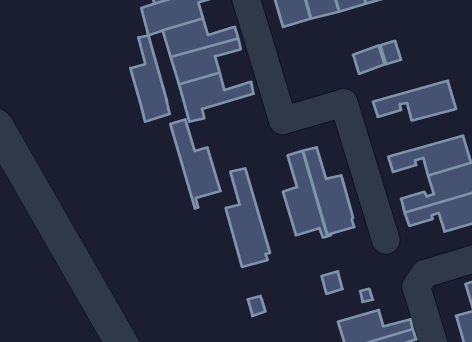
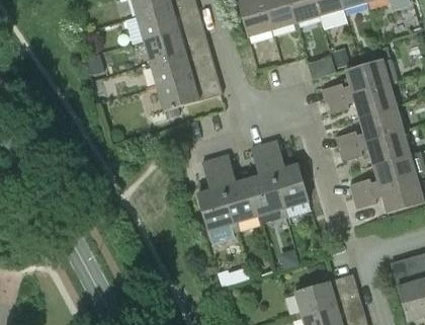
building: [130,35,170,122] -> none
building: none -> [322,58,397,100]
building: none -> [335,106,403,148]
building: [170,119,221,208] -> [215,154,258,231]

